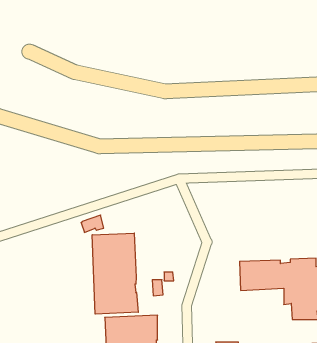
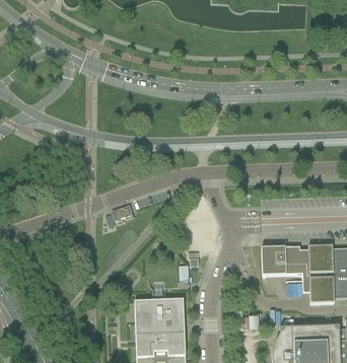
building: [92,233,138,314] -> none

